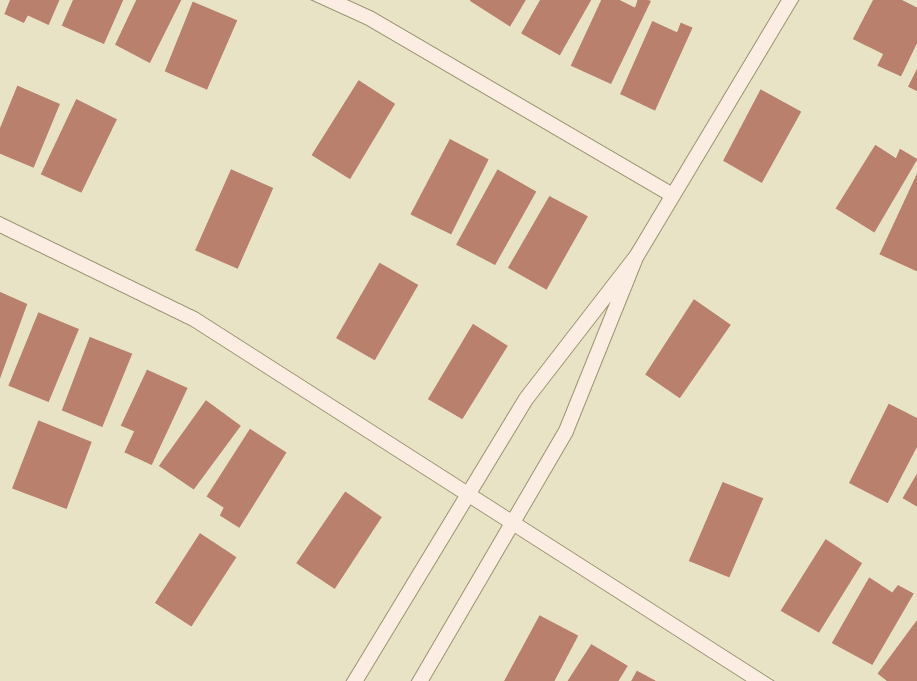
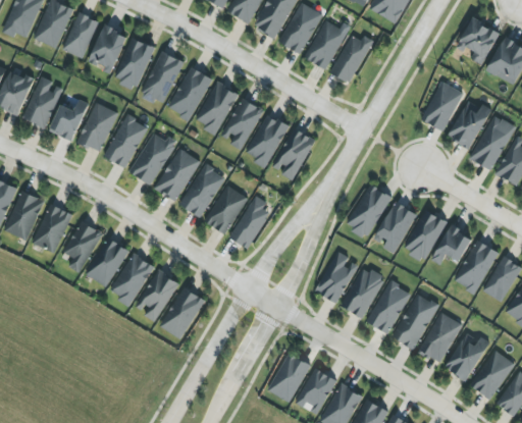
building: none -> [114,38,155,90]
building: none -> [142,51,184,104]
building: [722,89,802,184] -> [422,81,465,131]
building: none -> [195,82,239,134]
building: none -> [49,99,90,142]
building: none -> [77,102,118,152]
building: none -> [129,133,178,184]
building: none -> [154,148,201,201]
building: none -> [204,184,249,234]
building: none -> [373,201,418,254]
building: none -> [404,210,447,261]
building: none -> [431,224,473,265]
building: [11,420,92,510] -> none
building: none -> [315,251,359,303]
building: none -> [342,266,385,318]
building: none -> [393,293,439,350]
building: [154,532,238,628] -> [135,270,179,321]

